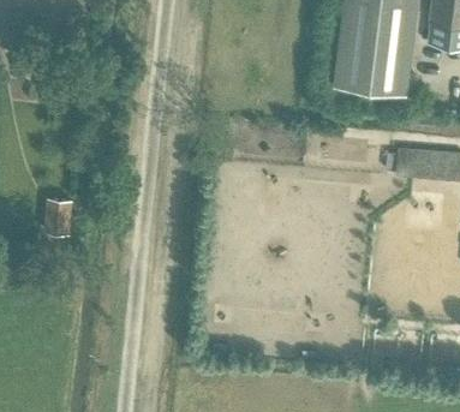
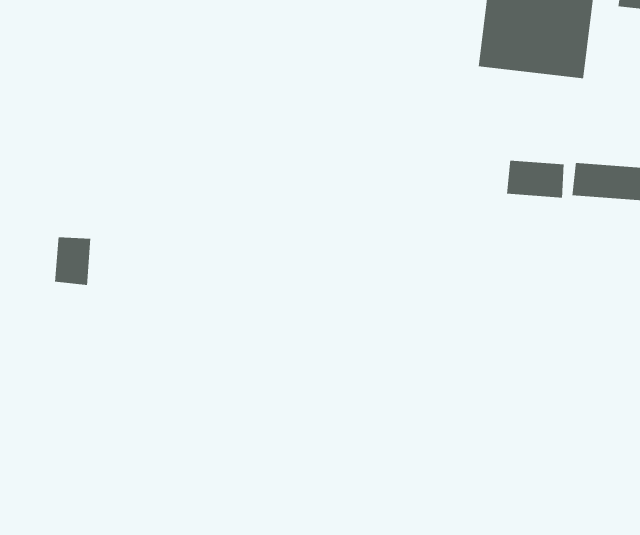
building: none -> [506,160,564,198]

